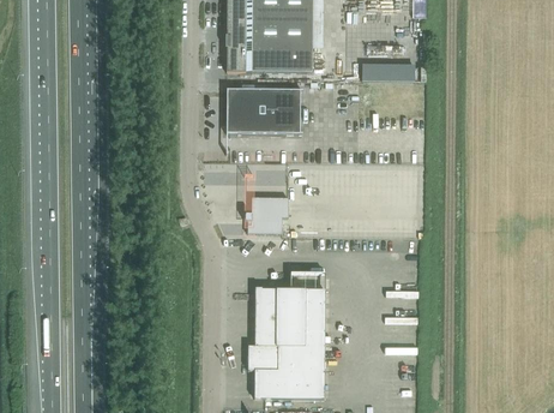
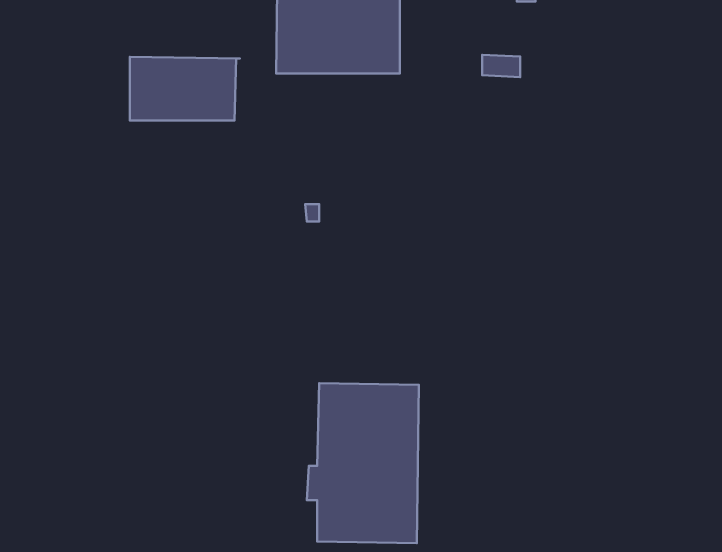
building: [227,89,303,133] -> [130,57,240,121]
building: [243,197,289,234] -> none

